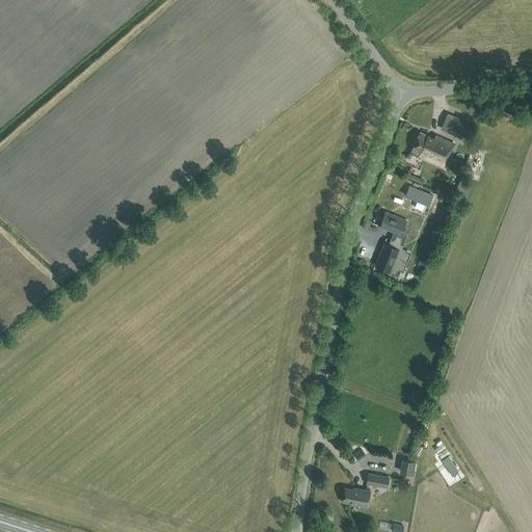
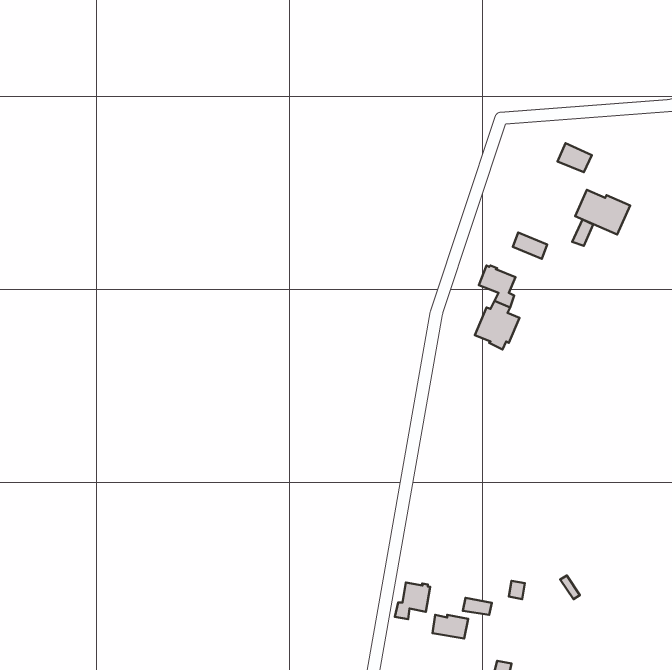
building: [410,132,454,167] -> [575,190,630,234]
building: none -> [395,583,430,619]

